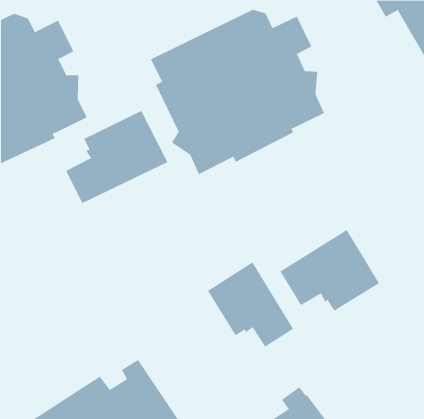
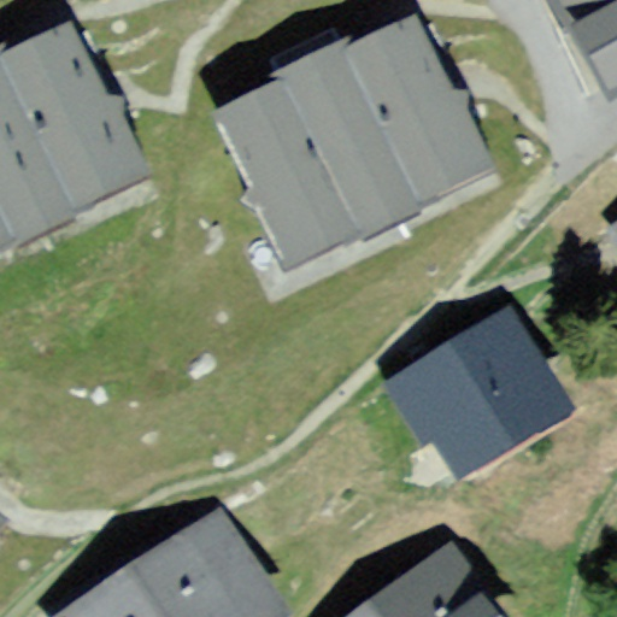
building: [66,110,168,204] -> none
building: [207,261,294,347] -> none

